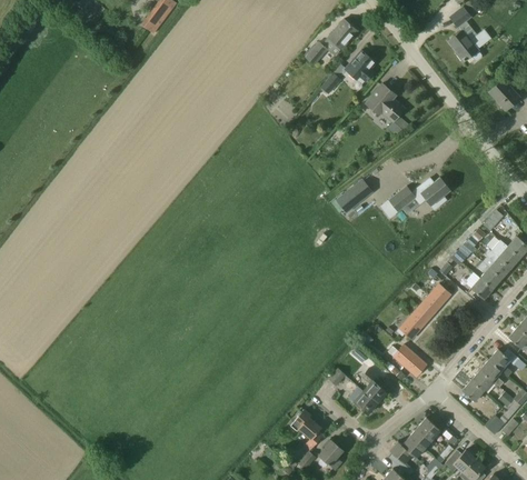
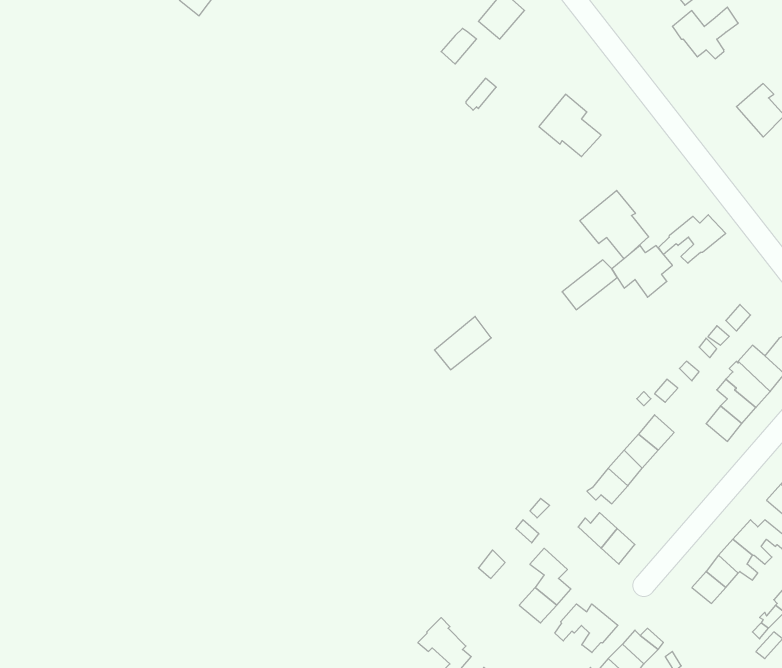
building: [345,50,376,81] -> none
building: none -> [580,190,649,259]
building: none -> [659,215,726,263]
building: [336,179,371,212] -> [434,316,491,370]
building: none -> [555,604,618,653]

